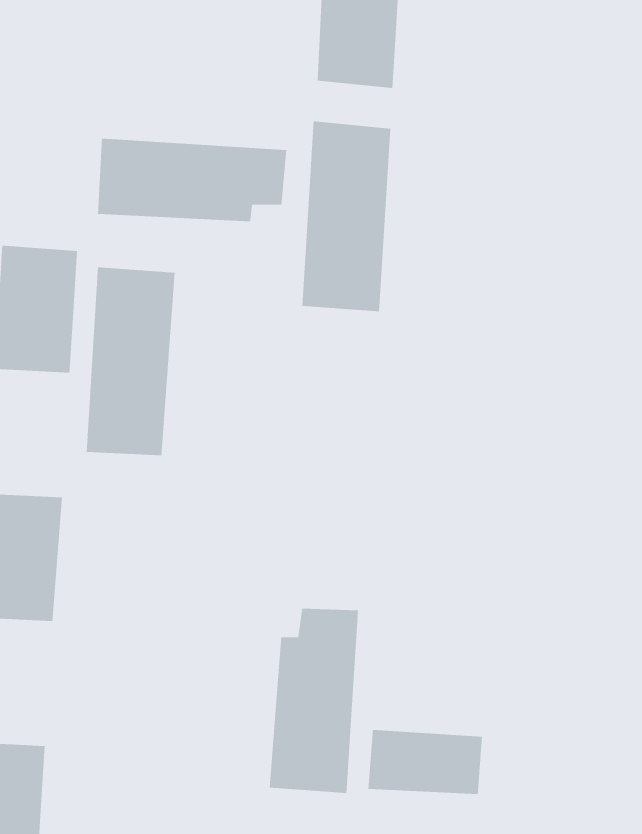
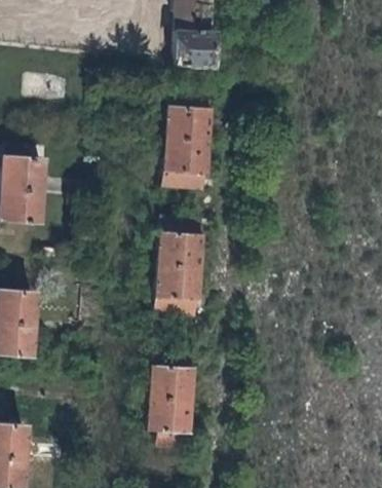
building: [97,138,287,222] -> none
building: [86,267,176,456] -> [156,215,204,316]
building: [368,729,483,795] -> none

